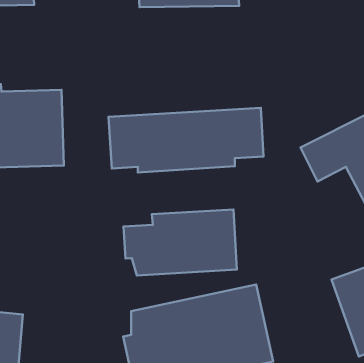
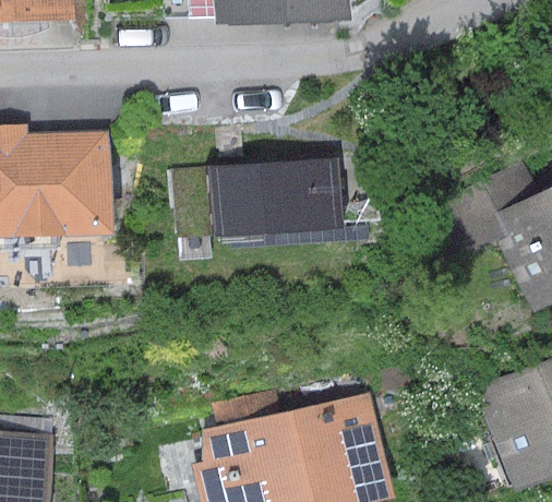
building: [124,209,237,275] -> none

